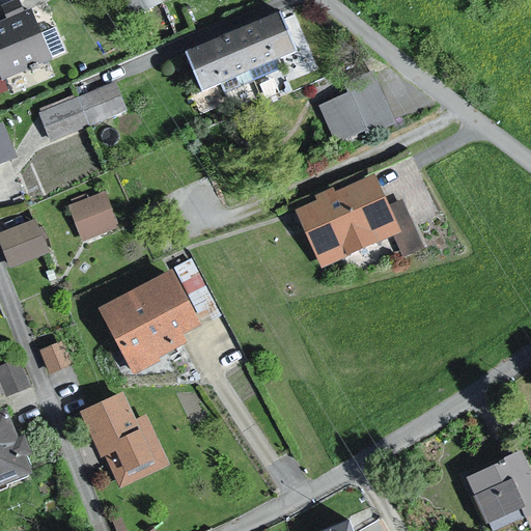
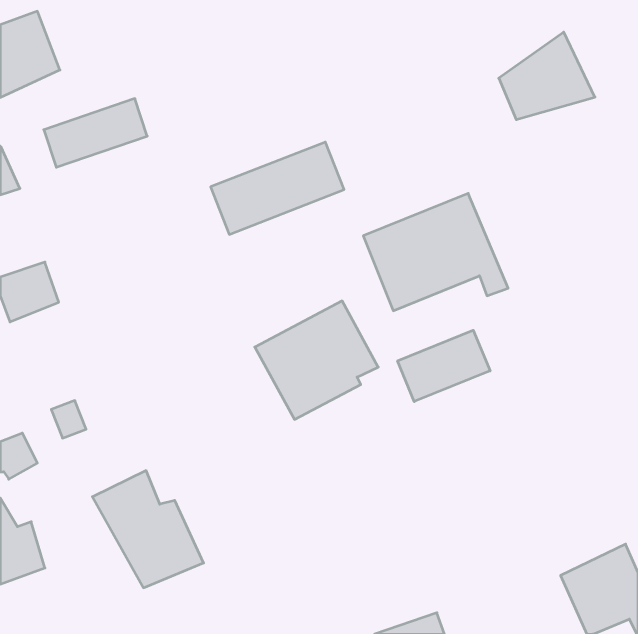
building: [189,12,300,89] -> [211,142,344,234]
building: [317,71,397,143] -> [499,32,595,120]
building: [66,192,120,241] -> none
building: [95,270,198,368] -> [255,301,378,419]
building: none -> [398,330,490,402]

